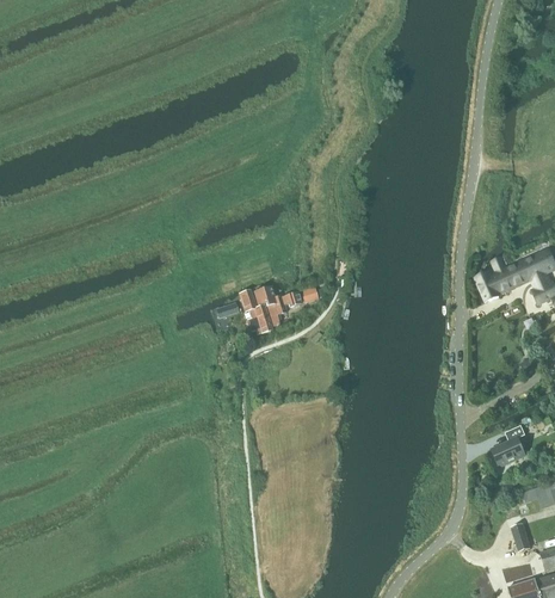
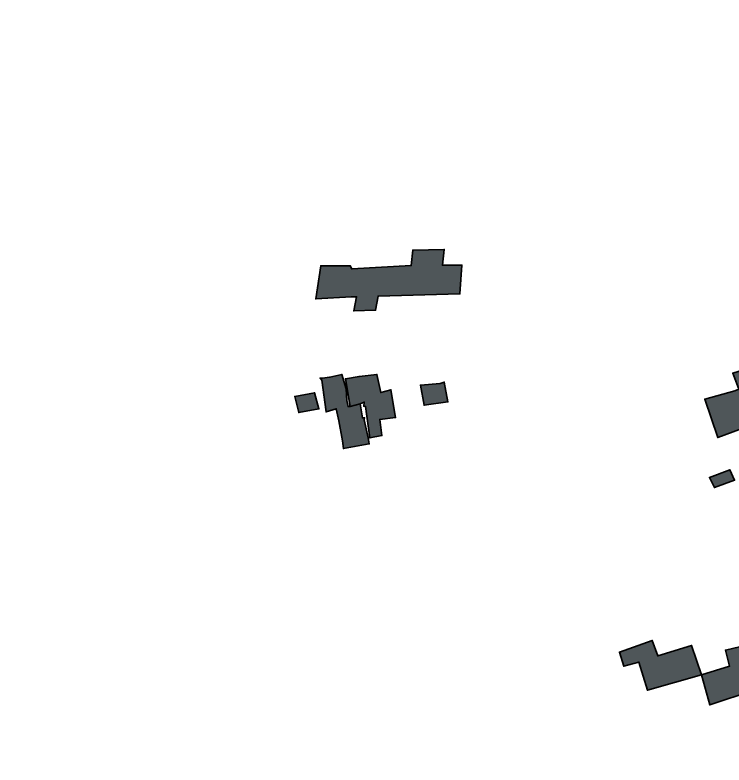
building: none -> [316,250,462,311]
building: none -> [620,641,701,690]

